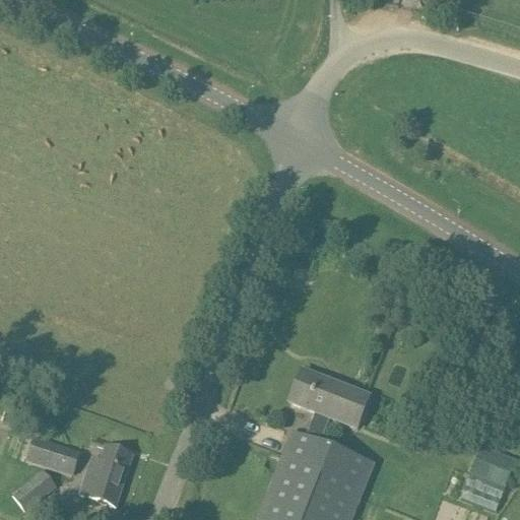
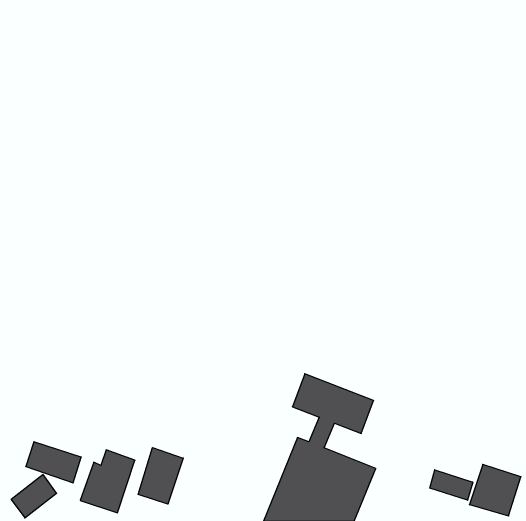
building: none -> [138,448,183,504]
building: none -> [430,470,473,500]

